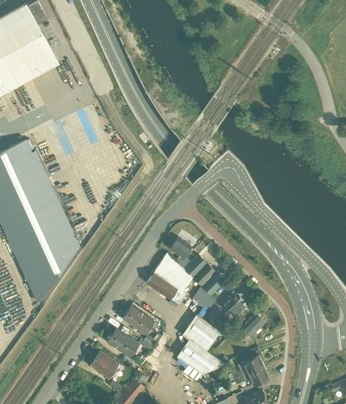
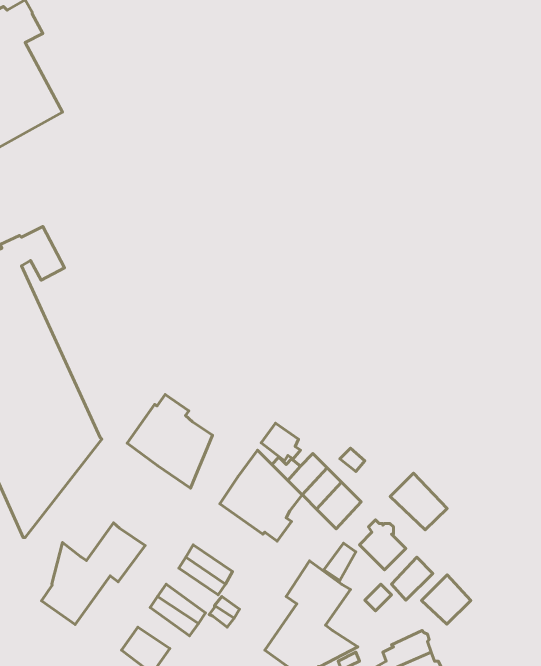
building: none -> [127,394,213,488]
building: none -> [390,473,447,530]
building: none -> [41,523,145,624]
building: none -> [421,575,471,624]

